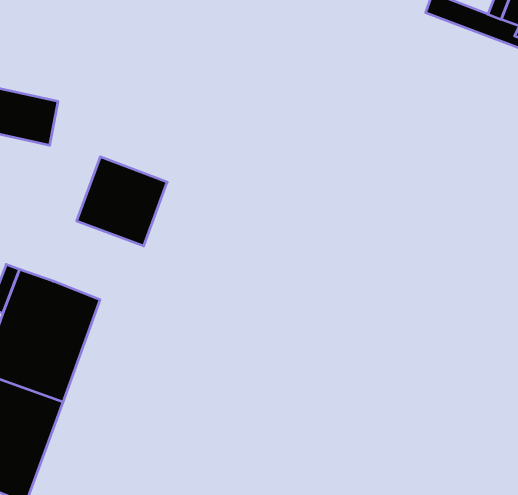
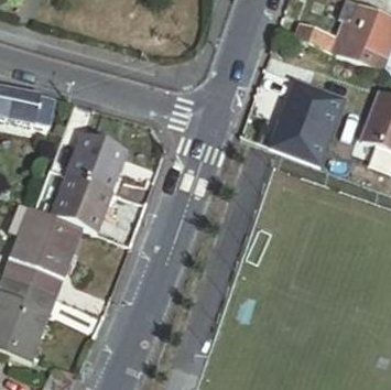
building: none -> [273,79,345,166]
building: none -> [50,175,110,232]

